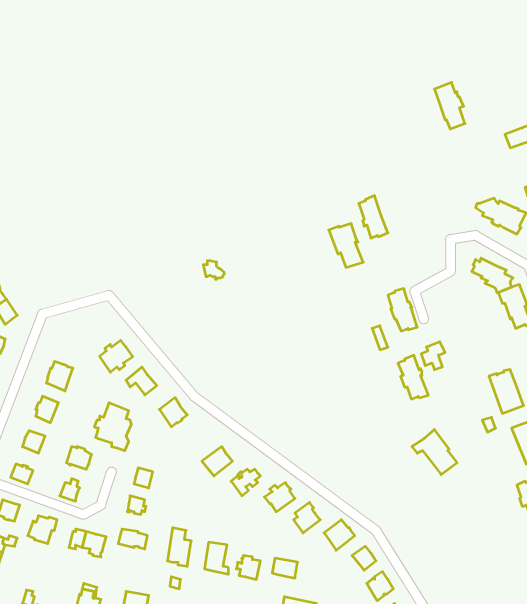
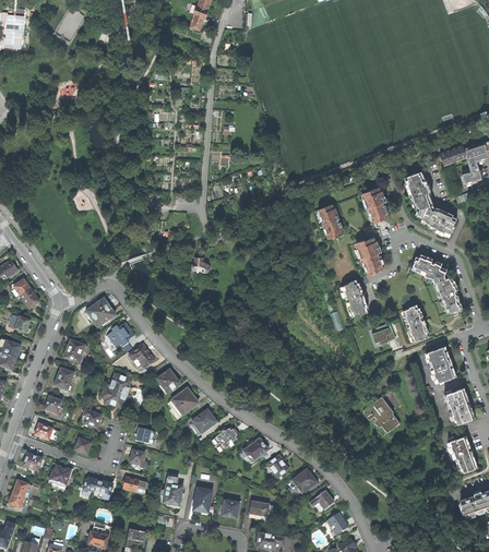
building: [434,82,465,129] -> [406,171,431,209]
building: none -> [362,187,389,220]
building: [329,224,363,267] -> [356,237,384,273]
building: none -> [86,298,115,327]
building: [398,355,428,399] -> [404,303,429,339]
building: none -> [166,388,196,419]

